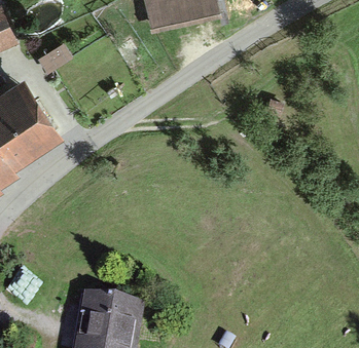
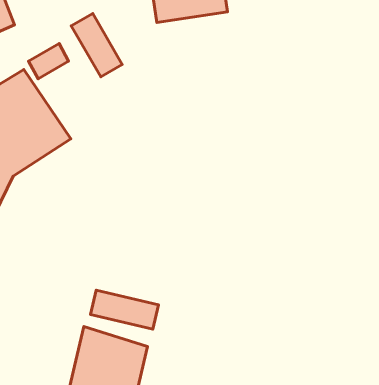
building: none -> [71,13,122,77]
building: none -> [90,290,158,329]

